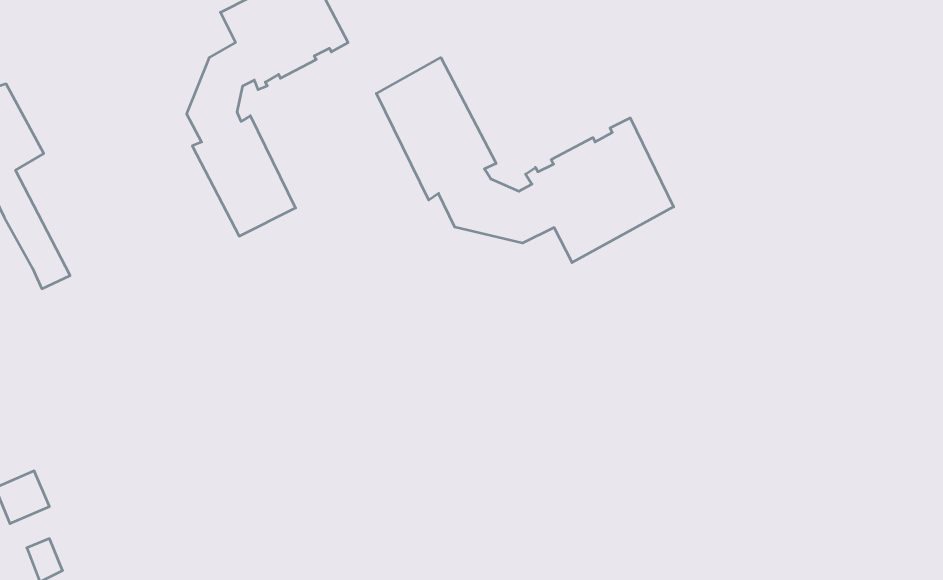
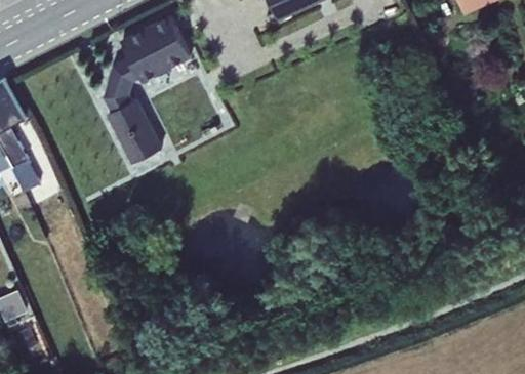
building: [376,58,674,263] -> none

